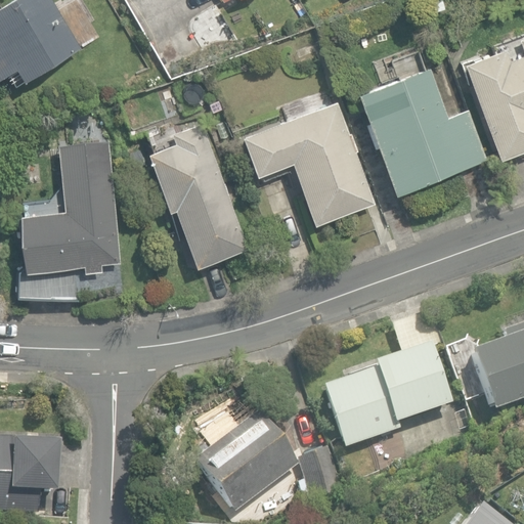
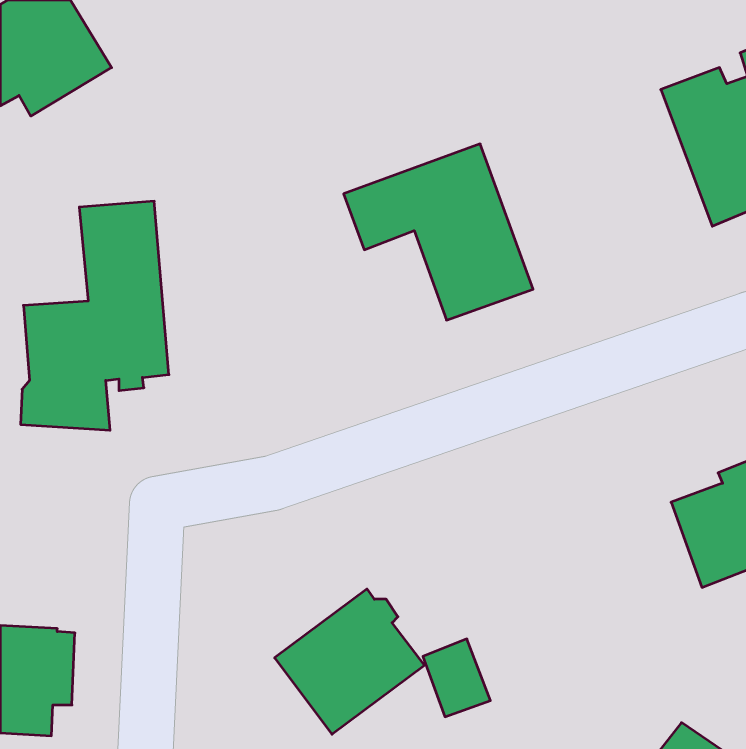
building: [357,68,487,193] -> none
building: [147,124,248,267] -> none
building: [323,309,451,448] -> none

